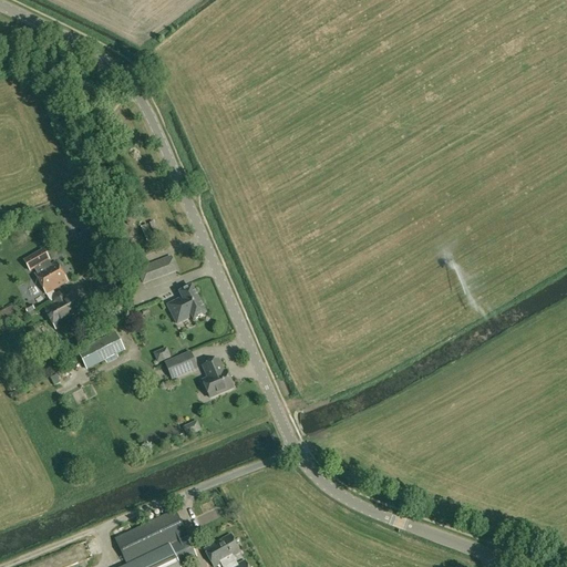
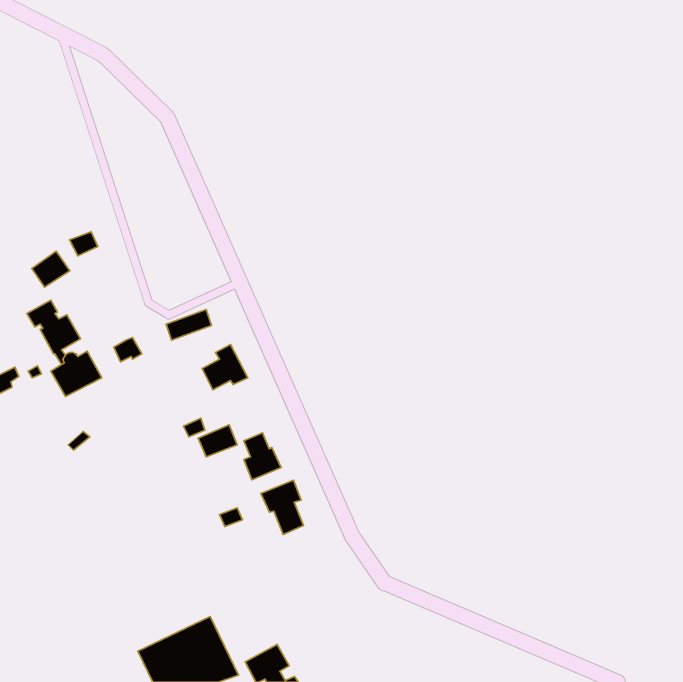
building: none -> [32,251,70,287]
building: [79,333,123,368] -> none
building: none -> [261,480,304,534]

